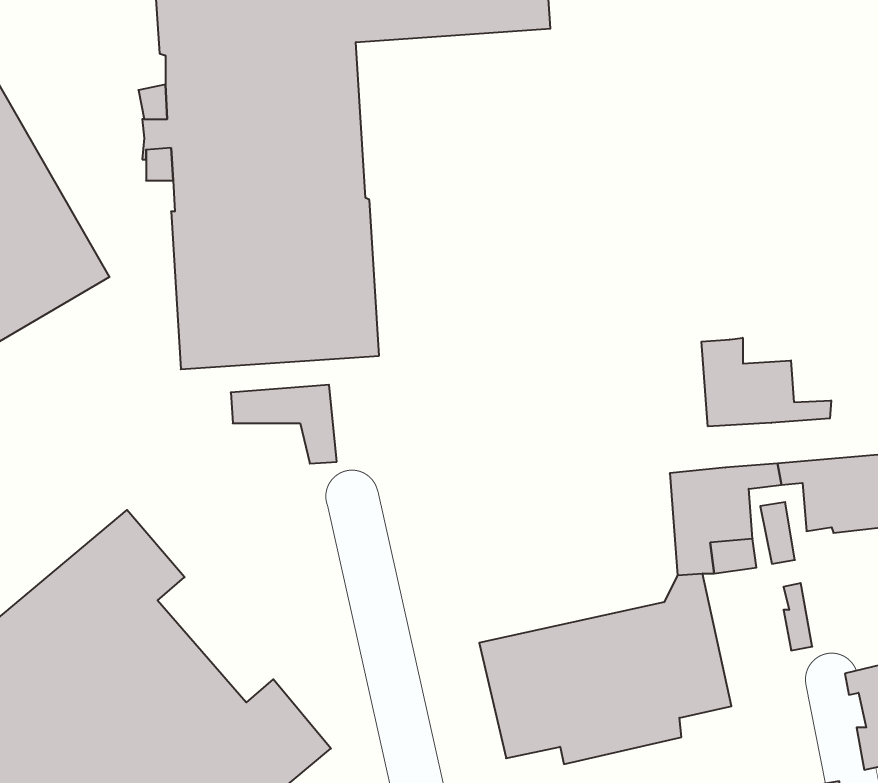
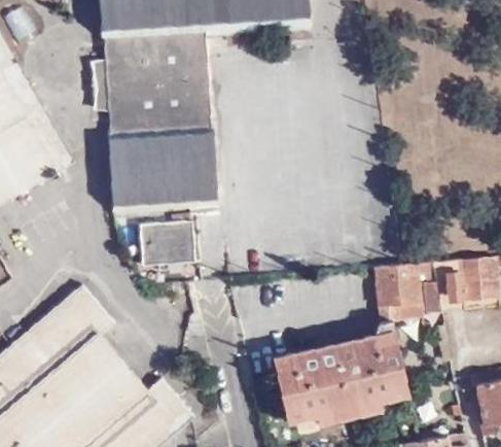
building: [702,338,831,426] -> none
building: none -> [140,240,181,265]

